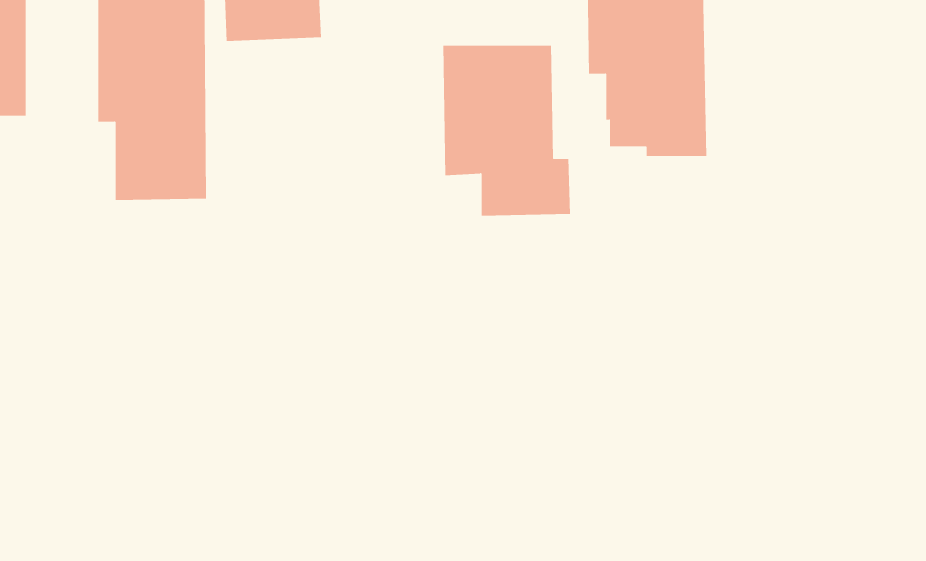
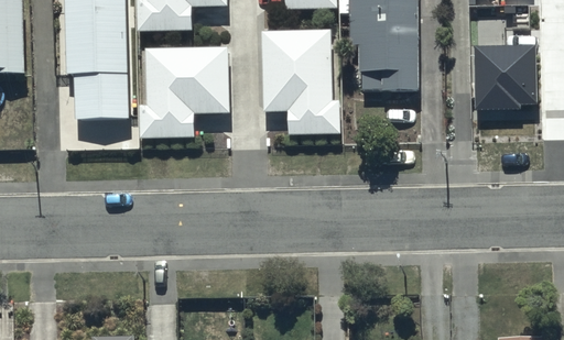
building: none -> [140,40,231,134]
building: none -> [477,41,540,105]

